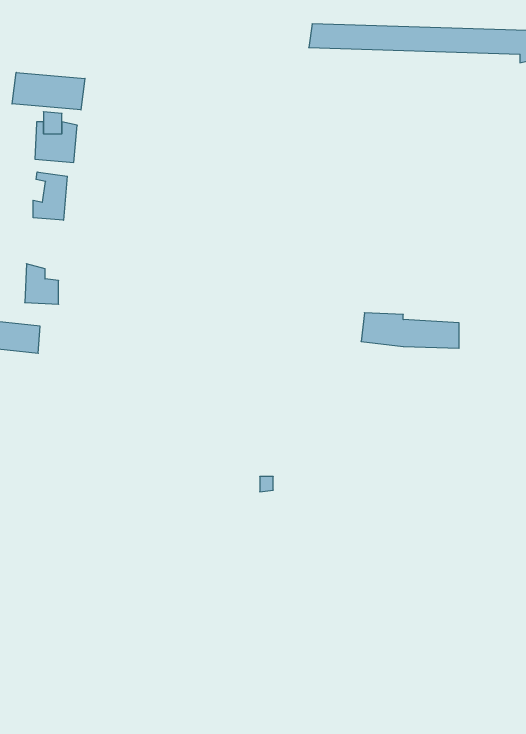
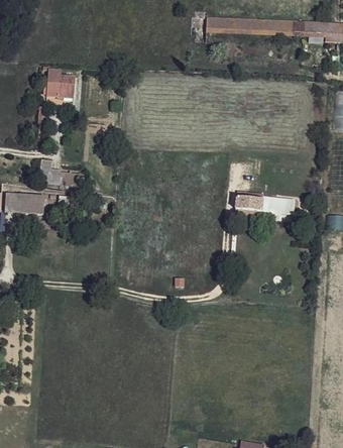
building: [12,72,85,110] -> none
building: [33,172,67,220] -> none

